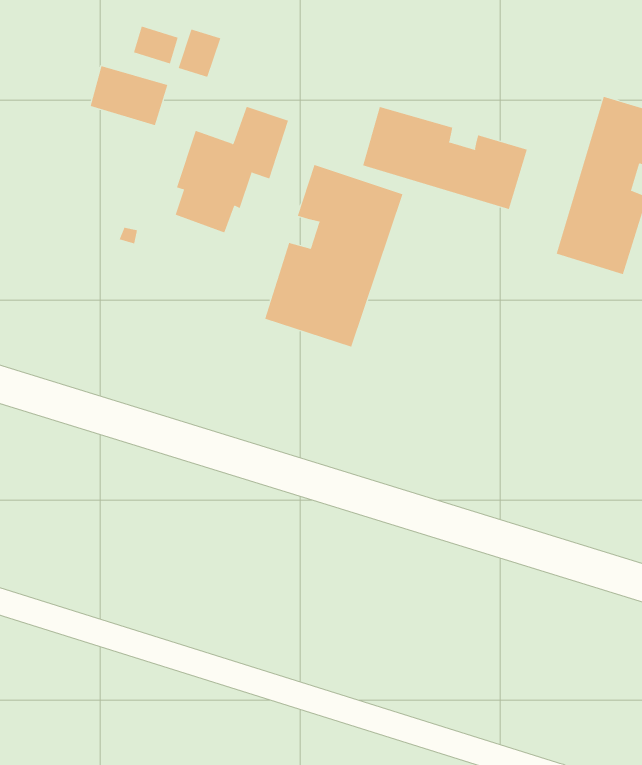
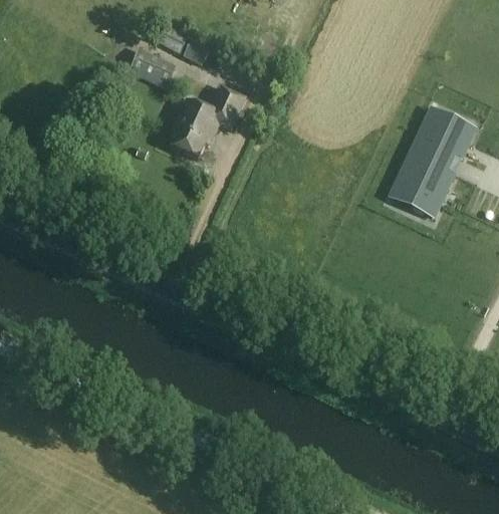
building: [362,106,527,210] -> none
building: [265,164,403,347] -> none

